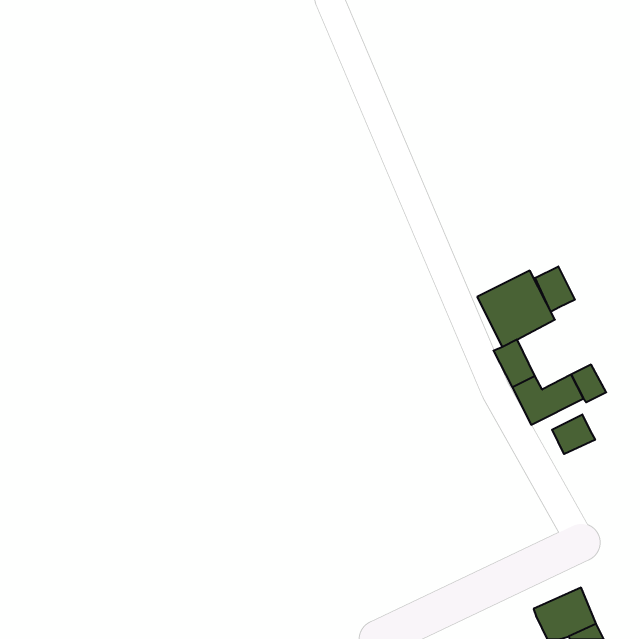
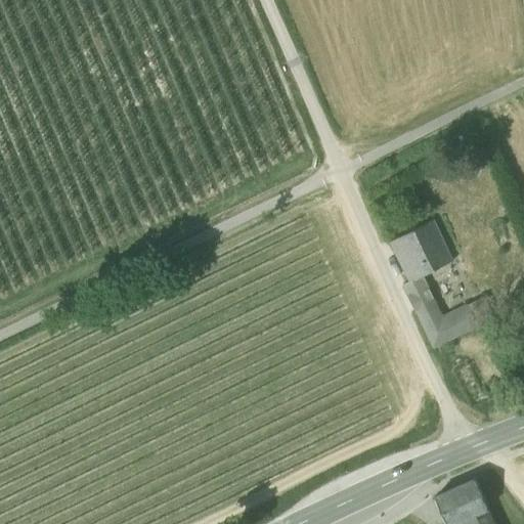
building: [535,266,575,312] -> none
building: [552,414,595,454] -> none

